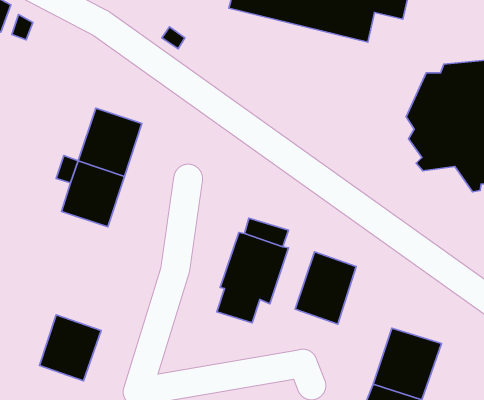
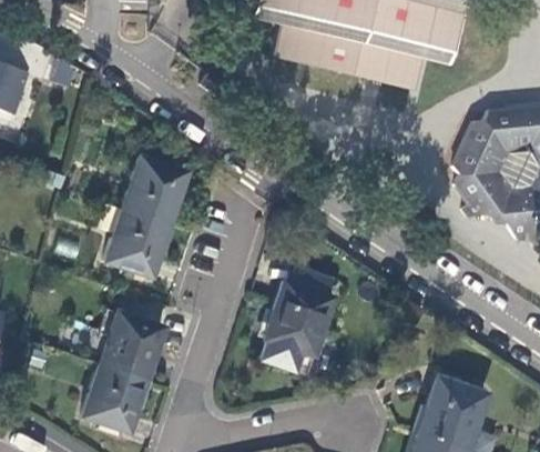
building: [295,252,356,324] -> none
building: none -> [101,311,165,380]

